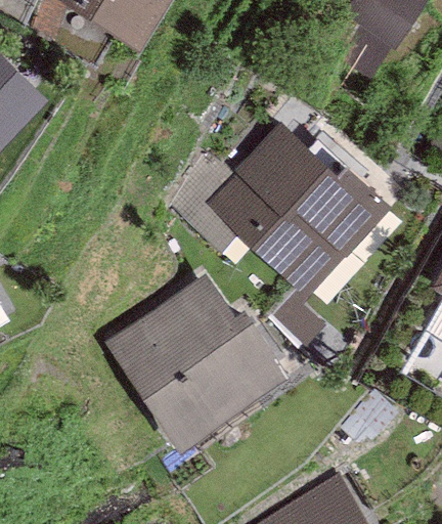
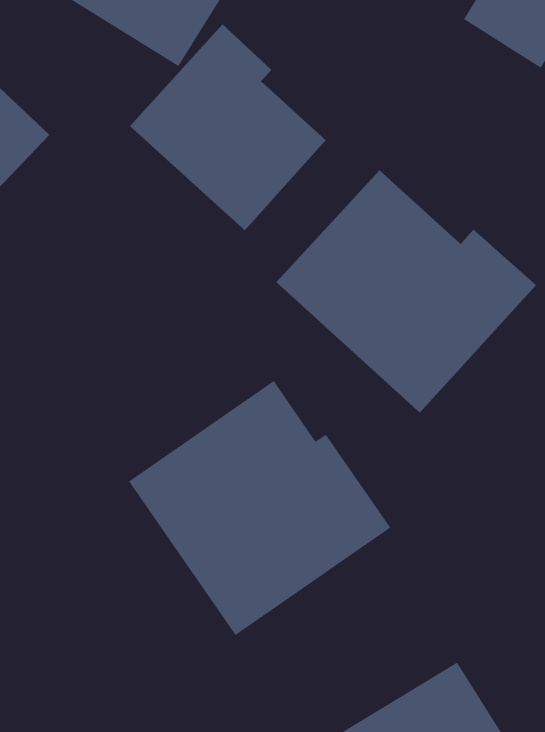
building: none -> [129,23,327,231]

